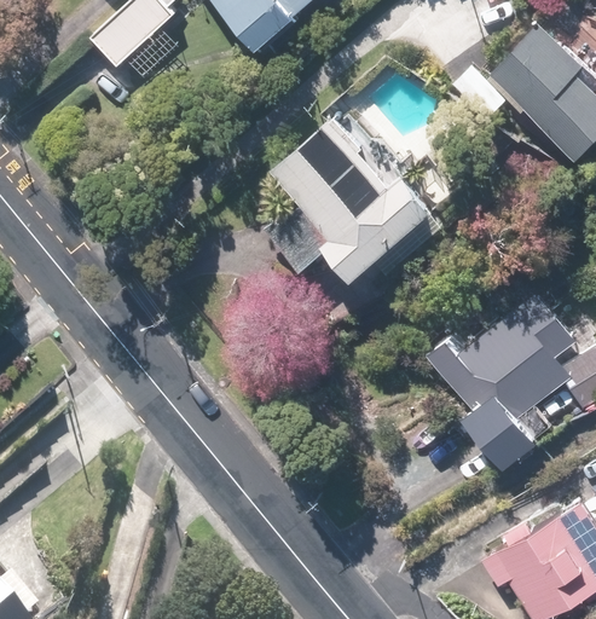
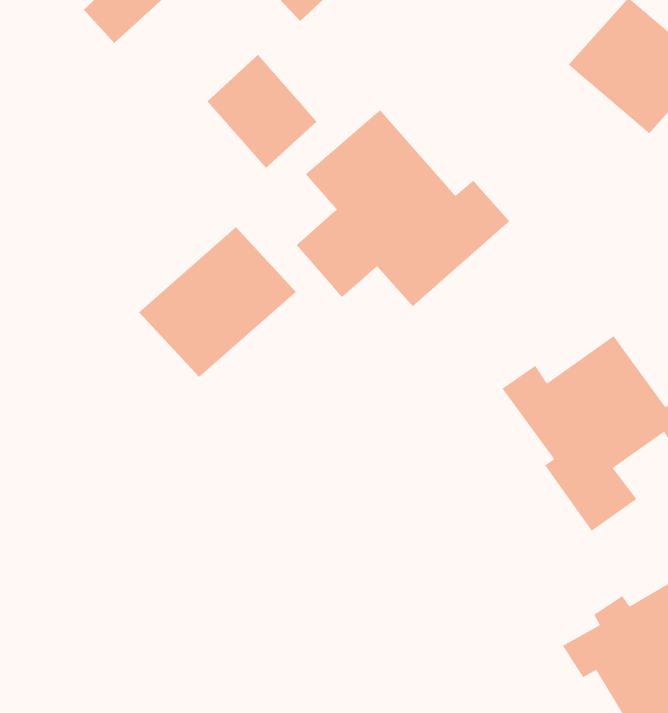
building: none -> [207,54,318,169]
building: none -> [138,226,297,378]

